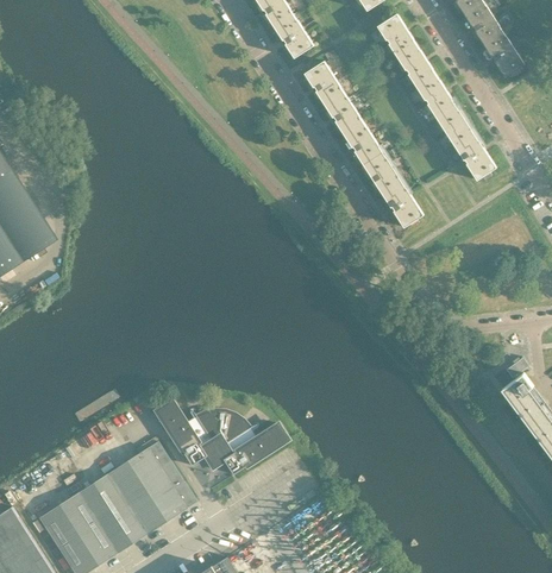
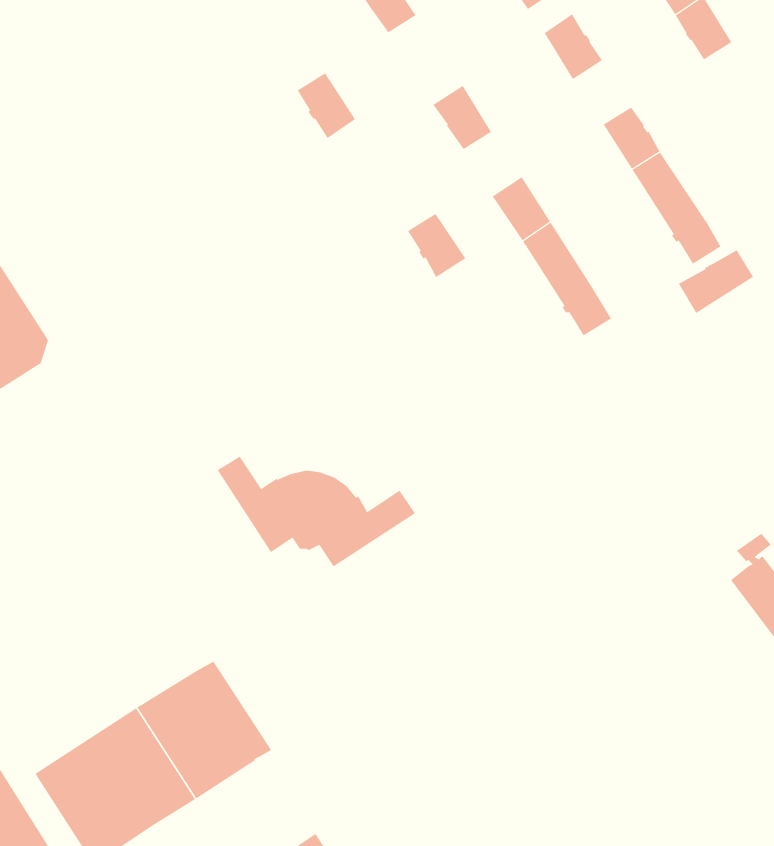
building: [274,14,313,58] -> [297,73,356,139]
building: [483,32,523,77] -> none
building: [396,44,435,87] -> none
building: [324,92,363,134] -> [407,213,466,278]
building: none -> [678,249,754,314]
building: [156,401,288,474] -> [217,456,416,567]

